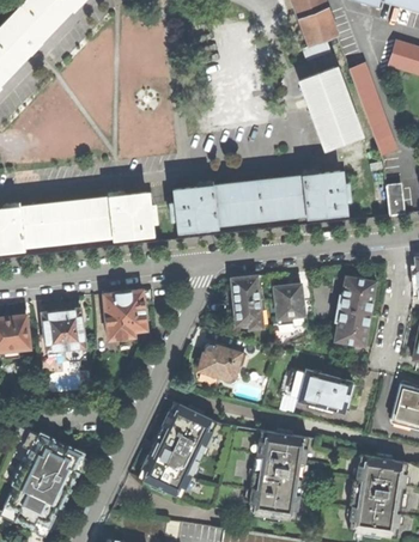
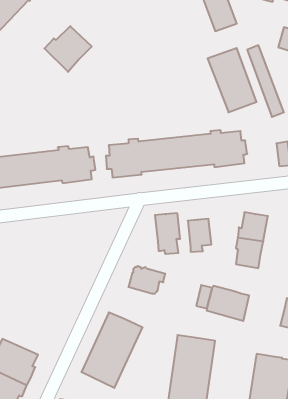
building: none -> [44,26,92,72]
building: [103,290,147,340] -> none
building: [43,307,84,354] -> none

